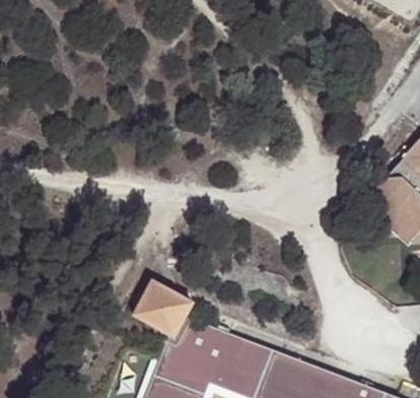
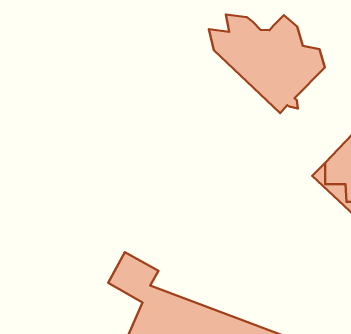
building: none -> [209,14,325,113]

